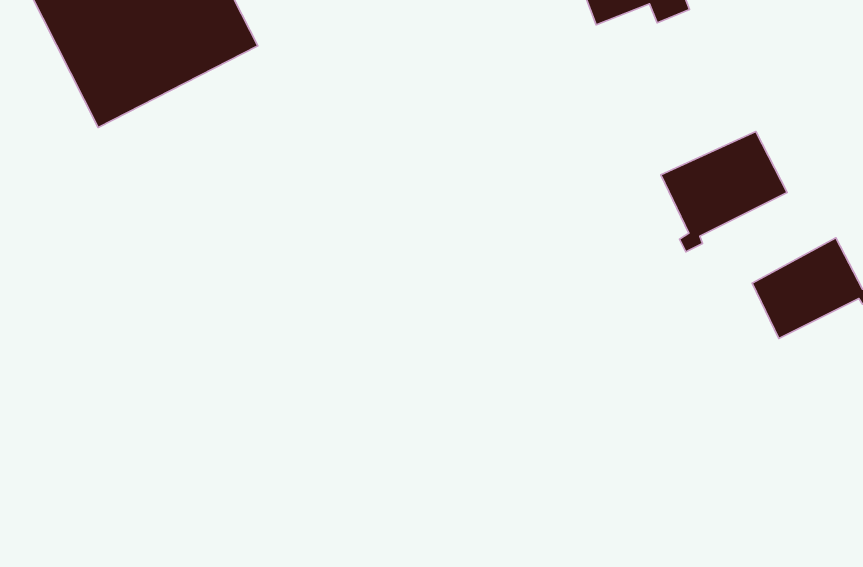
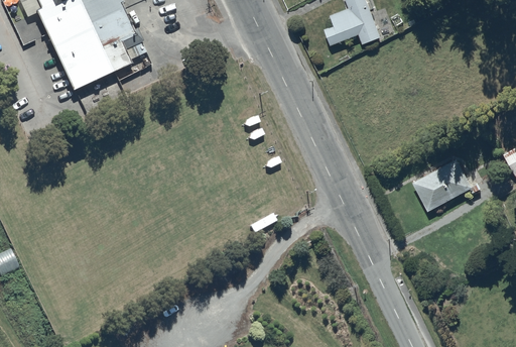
building: [661,132,787,252] -> none

